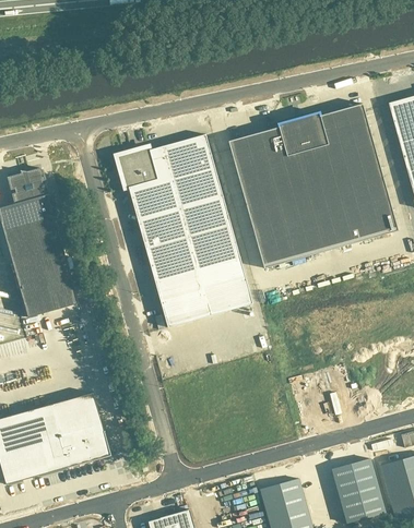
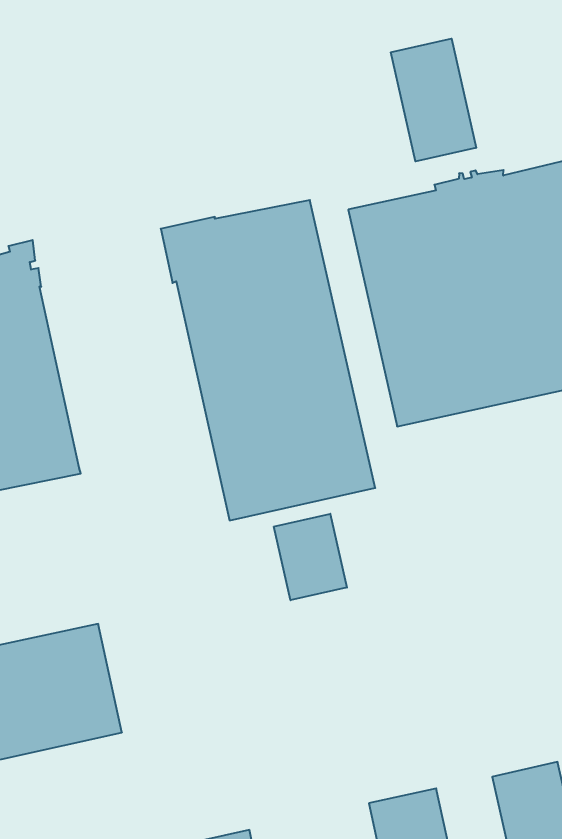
building: none -> [391,39,476,161]
building: none -> [274,514,347,600]

